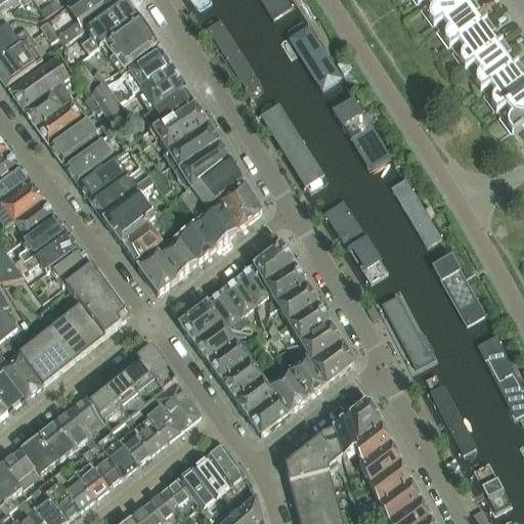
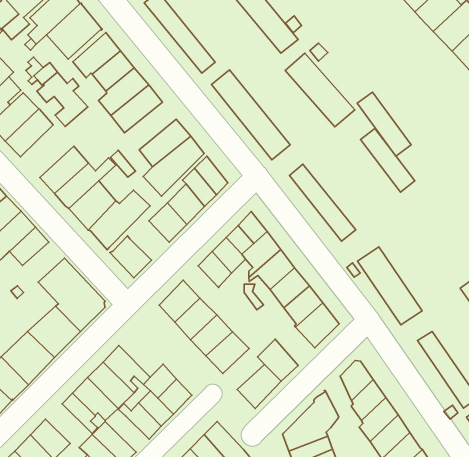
building: [166,123,218,167] -> none
building: [63,135,115,182] -> none
building: [159,237,196,276] -> none
building: [50,247,92,285] -> none
building: [432,251,480,316] -> [357,92,411,156]
building: [206,288,248,326] -> none
building: [135,344,176,391] -> none
building: [289,355,326,397] -> none
building: [233,375,275,413] -> none
building: [54,406,98,446] -> none
building: [332,412,357,452] -> none
building: [119,426,154,463] -> none

